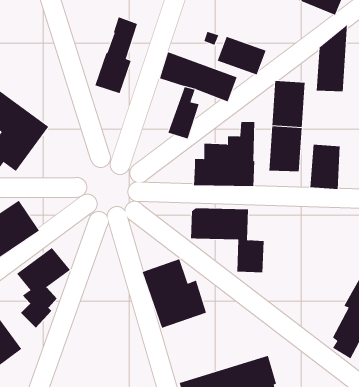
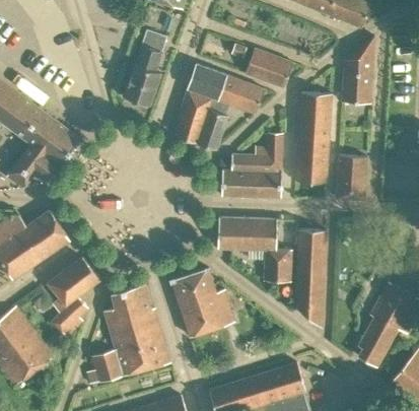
building: none -> [173,90,212,144]
building: none -> [293,230,325,329]
building: none -> [92,284,169,383]

